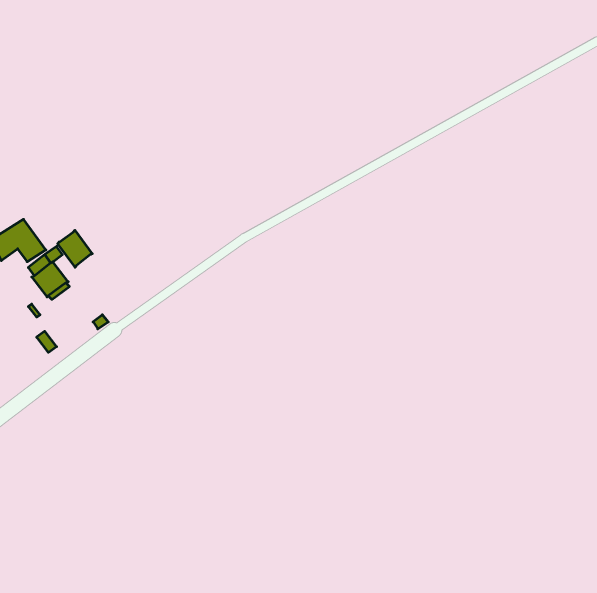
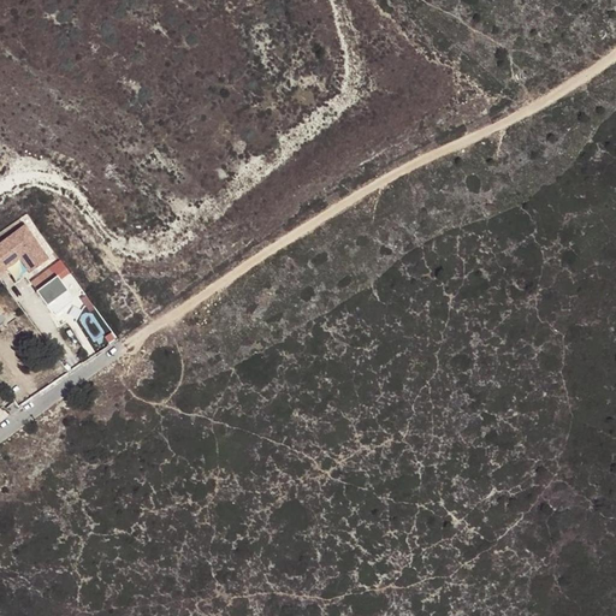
building: [58,230,92,267] -> none

